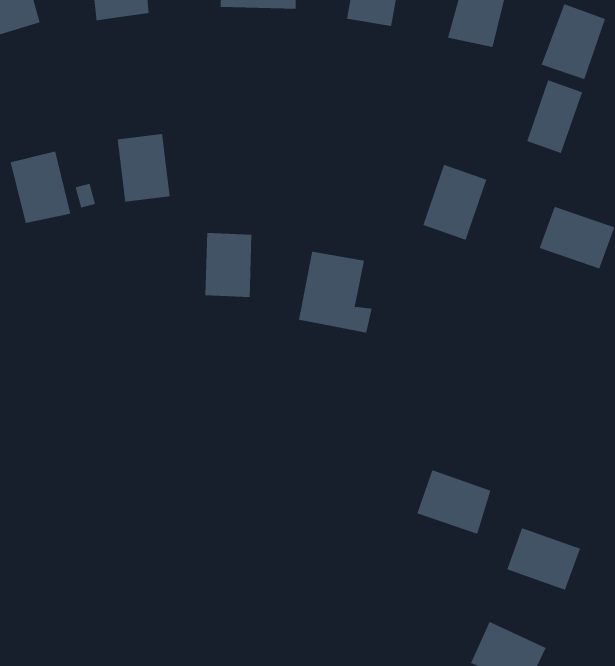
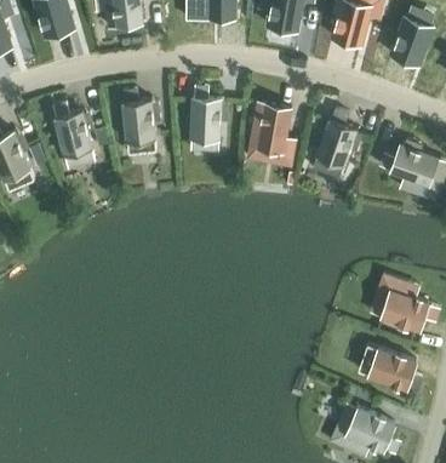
building: [526,80,583,154] -> none
building: [205,233,252,298] -> [190,98,221,139]
building: [298,251,373,333] -> [248,103,296,155]
building: [417,469,491,534] -> [381,290,428,331]

